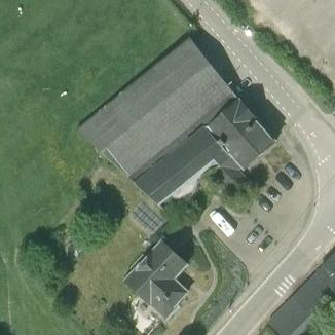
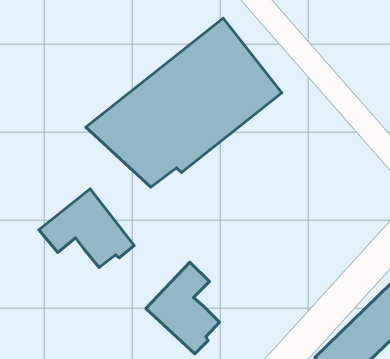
building: [134,99,274,210] -> none
building: none -> [39,189,134,267]

